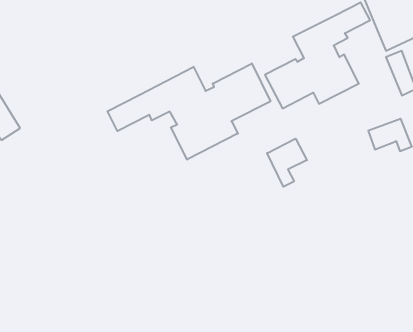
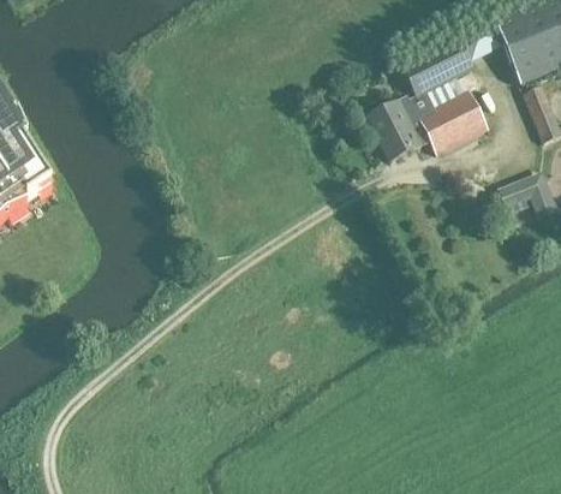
building: [108,63,270,160] -> none
building: [267,139,307,187] -> none

